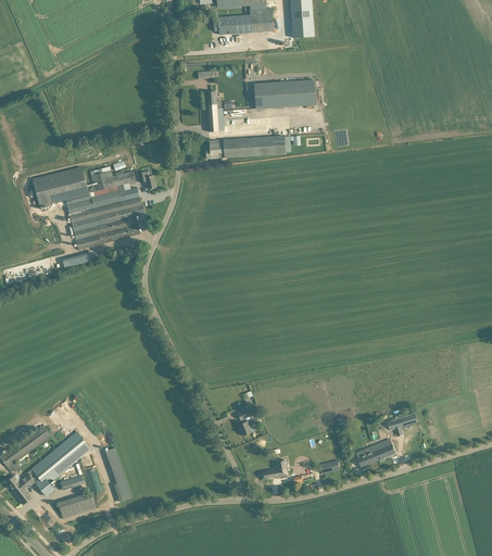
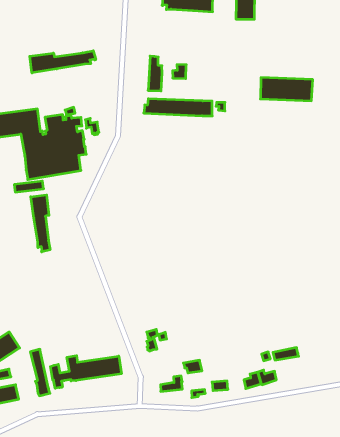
building: [254,78,316,108] -> [260,78,313,101]
building: none -> [30,51,96,73]
building: none -> [31,195,50,252]
building: none -> [50,356,121,388]

